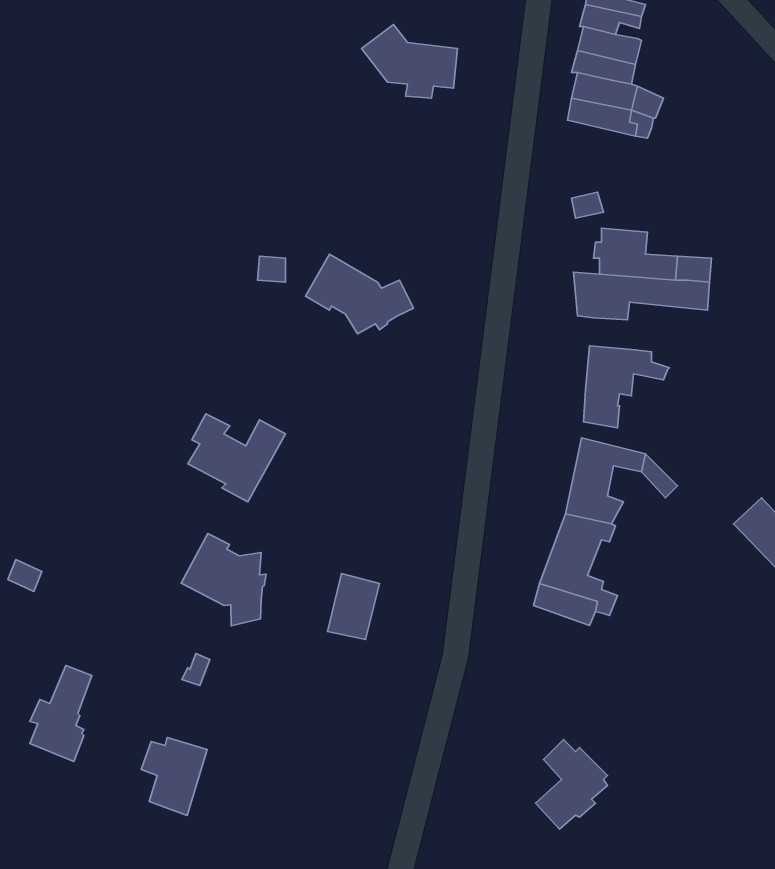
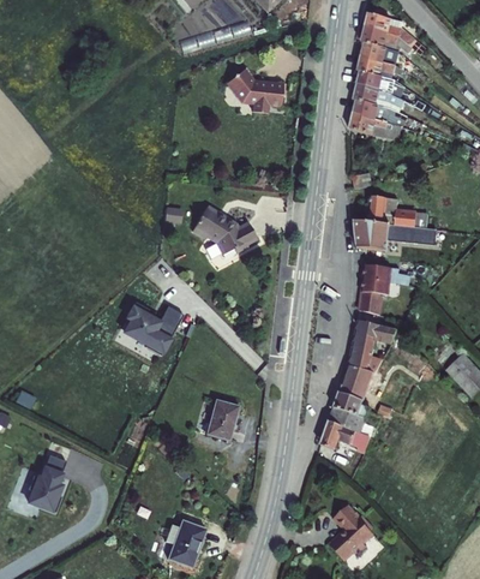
building: [181,533,266,626] -> none
building: none -> [319,419,367,448]
building: [141,738,207,815] -> [168,520,208,567]

